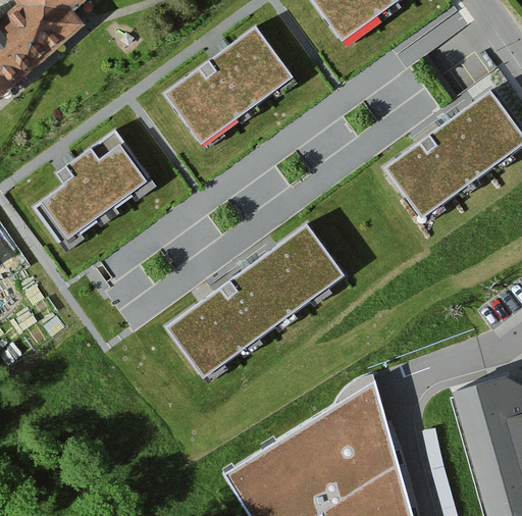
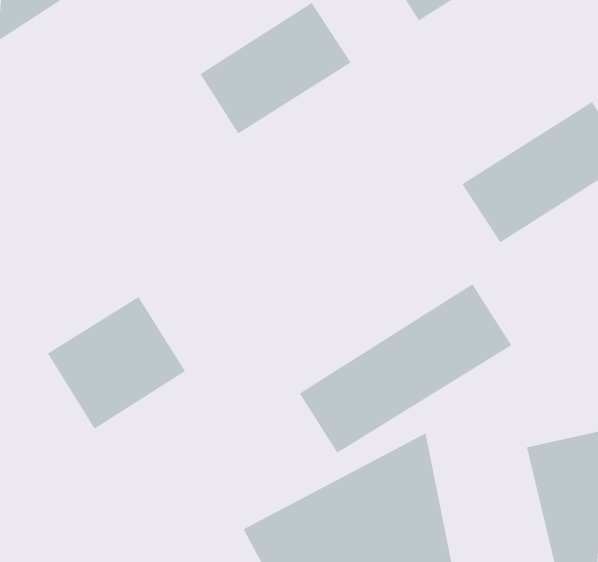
building: [37,141,149,249] -> none
building: [170,213,342,360] -> [299,284,512,454]
building: none -> [47,296,186,429]

